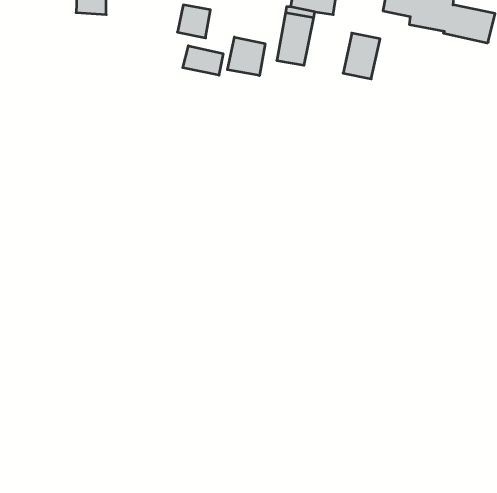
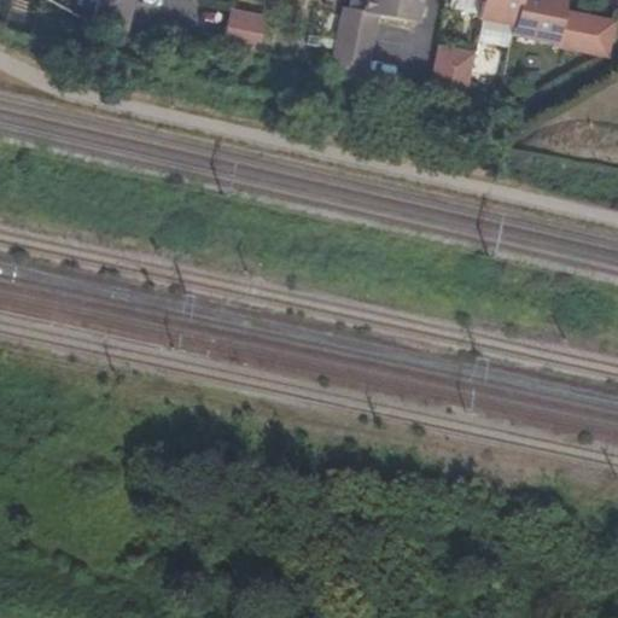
building: [227,37,265,76] -> none
building: [183,46,223,75] -> none

